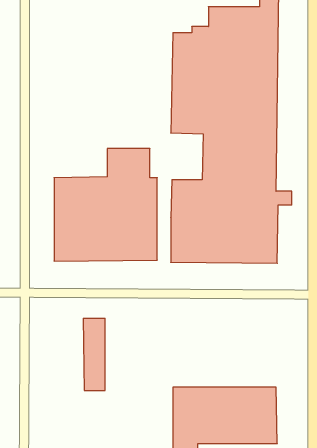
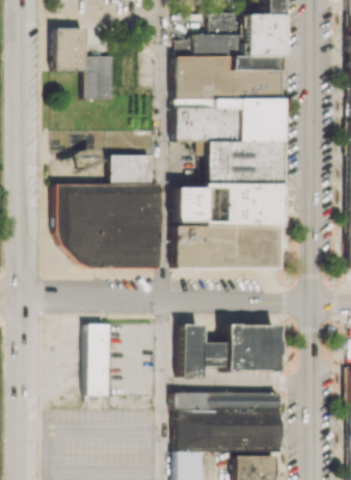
building: none -> [56,27,116,97]
building: none -> [183,323,278,376]

